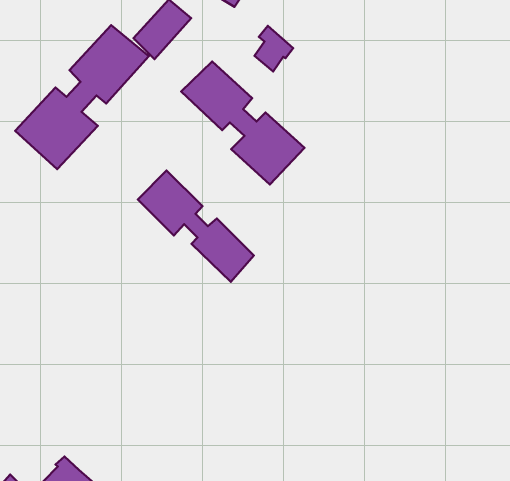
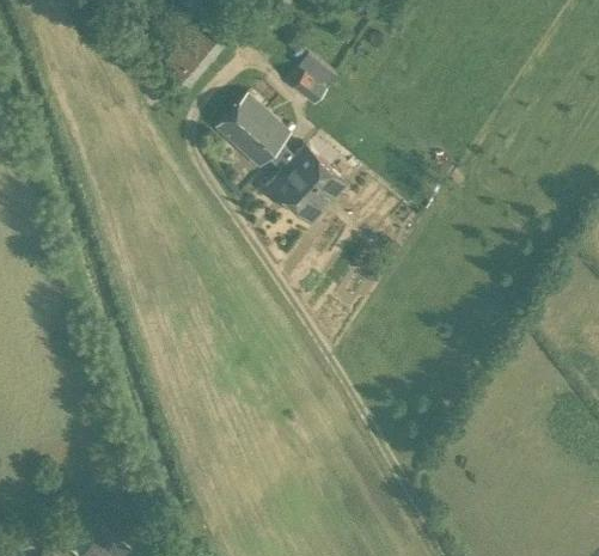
building: [15,25,149,169] -> none
building: [138,170,254,282] -> none

